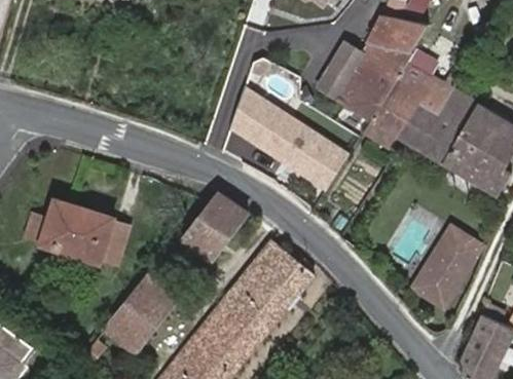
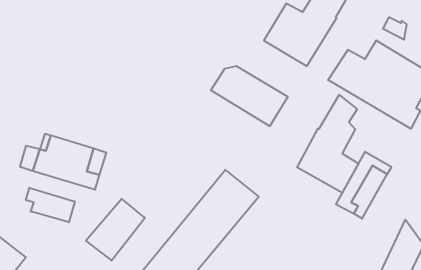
building: [370,50,453,135] -> none
building: [229,102,271,147] -> none
building: none -> [297,95,358,193]
building: [183,193,248,259] -> none
building: none -> [26,188,75,222]

